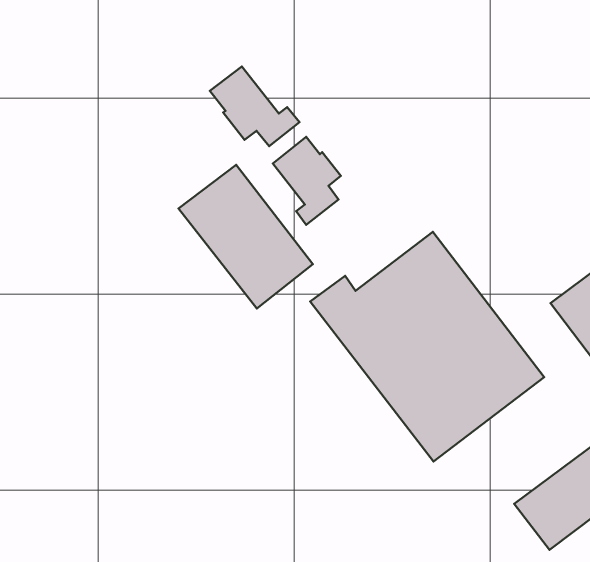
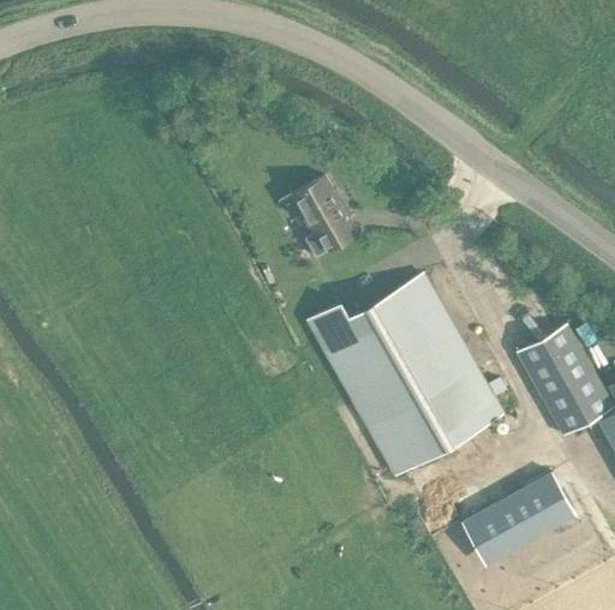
building: [210,66,299,146] -> none
building: [179,165,313,308] -> none

